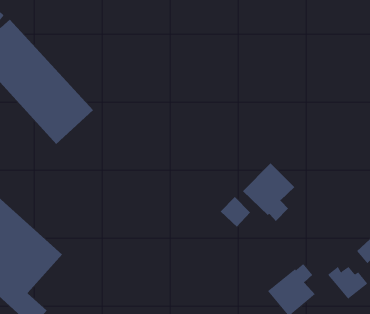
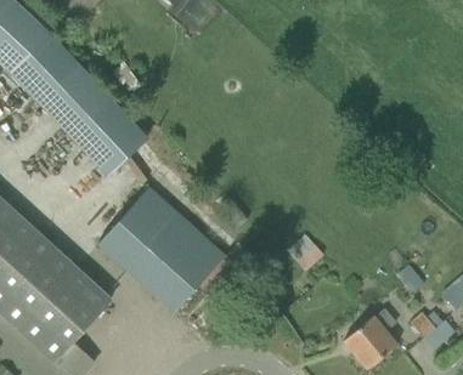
building: none -> [98,189,224,312]
building: [242,163,295,222] -> none

